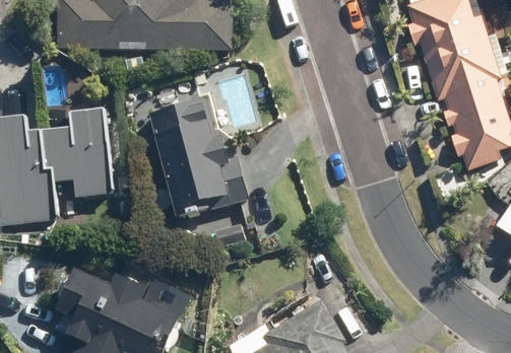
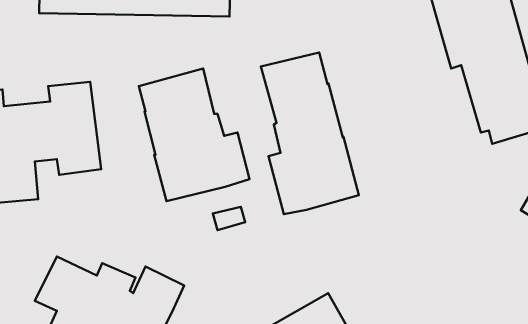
building: none -> [261,52,359,214]

